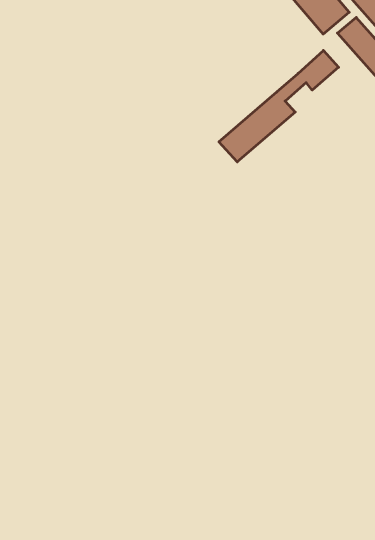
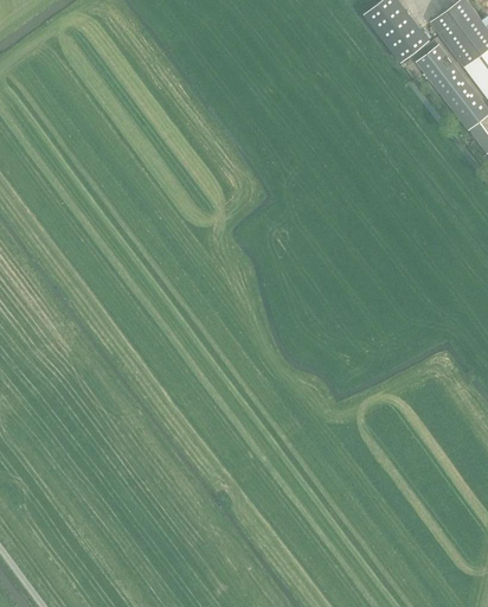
building: [219,50,339,162] -> none

